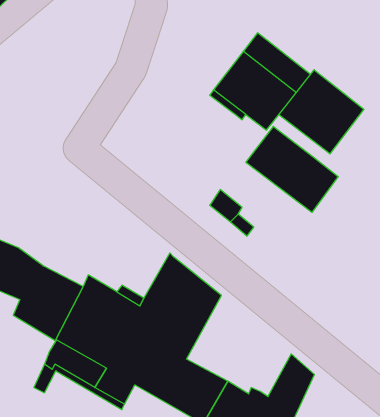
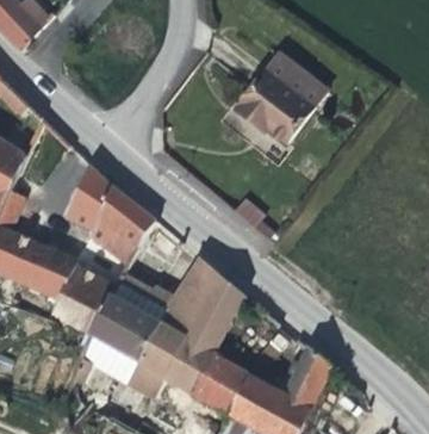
building: [279,70,364,154] -> none
building: [246,126,338,212] -> none
building: none -> [66,166,156,264]

